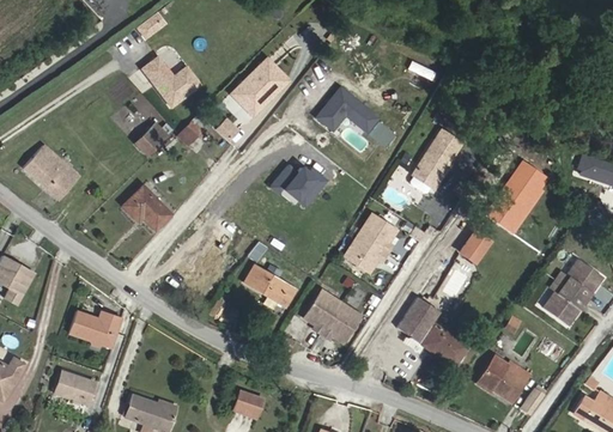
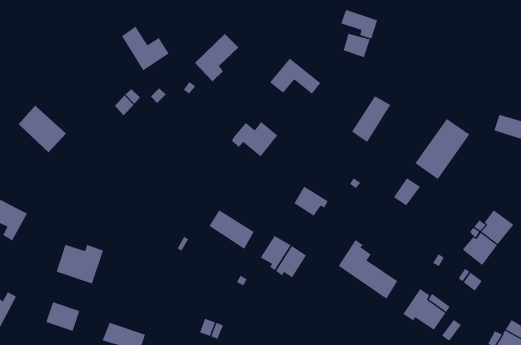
building: none -> [341,9,378,40]
building: [127,182,175,225] -> none
building: [358,214,396,254] -> none

